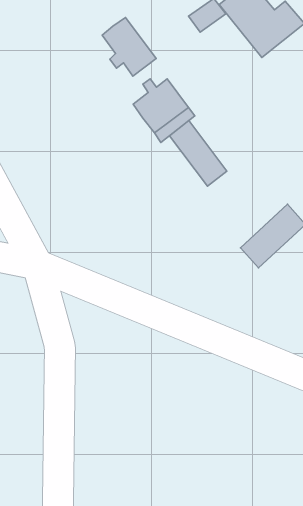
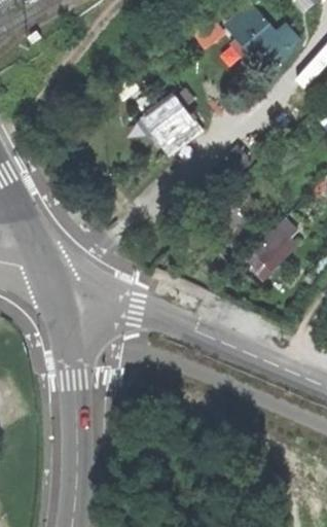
building: [102,17,156,76] -> none
building: [170,121,227,186] -> none

